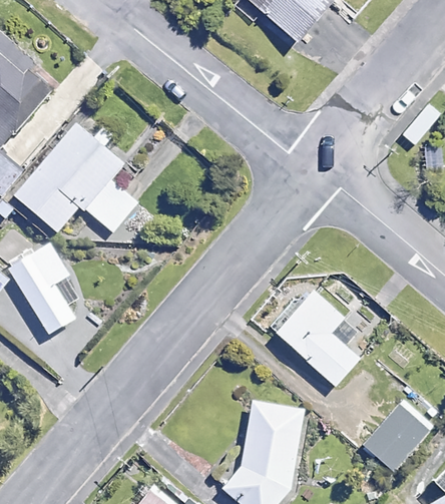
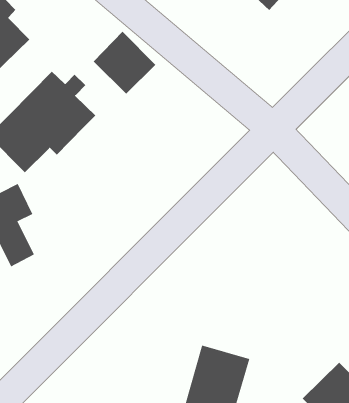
building: none -> [93,31,156,94]
building: [87,180,139,233] -> none
building: [268,282,362,388] -> none

